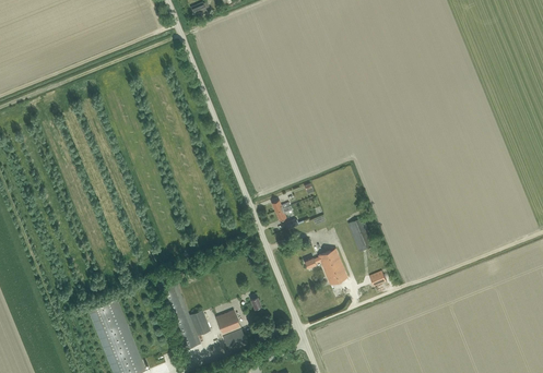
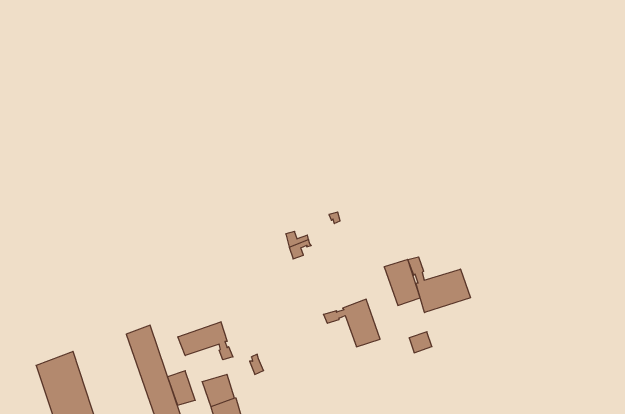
building: none -> [408,257,470,313]
building: none -> [178,322,233,360]

